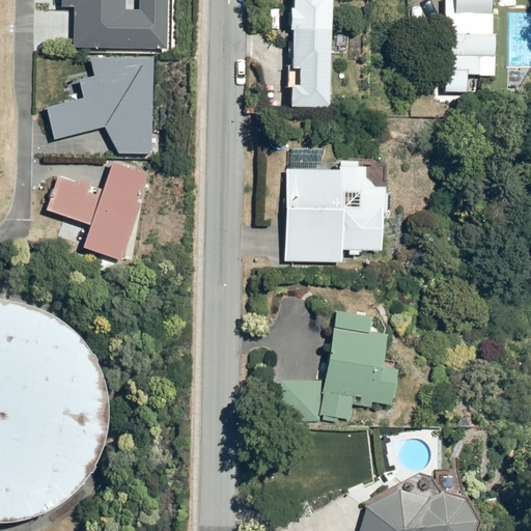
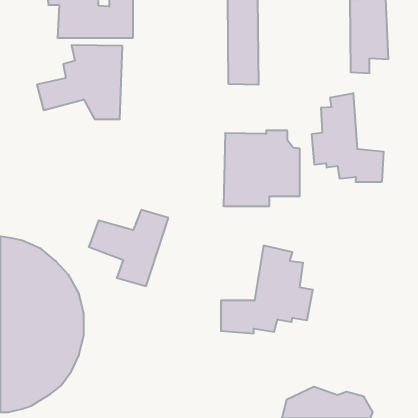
building: none -> [312,93,384,182]
building: [50,162,150,258] -> [89,210,168,286]

